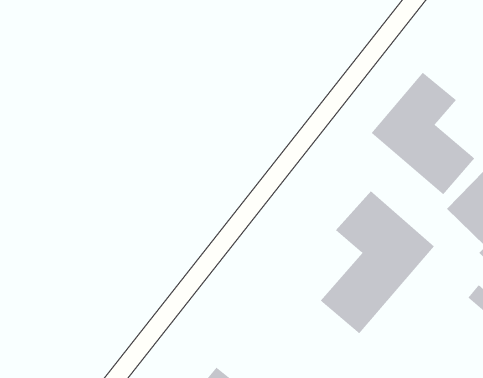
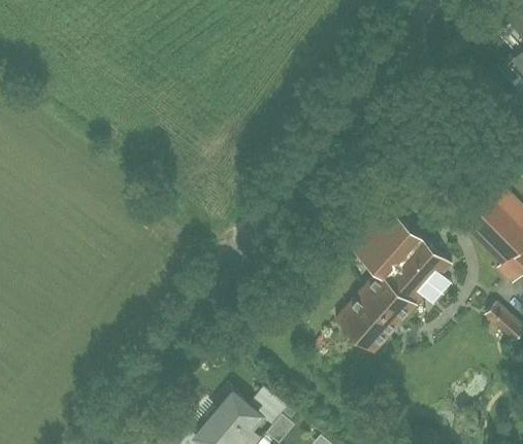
building: [371,72,475,195] -> none

